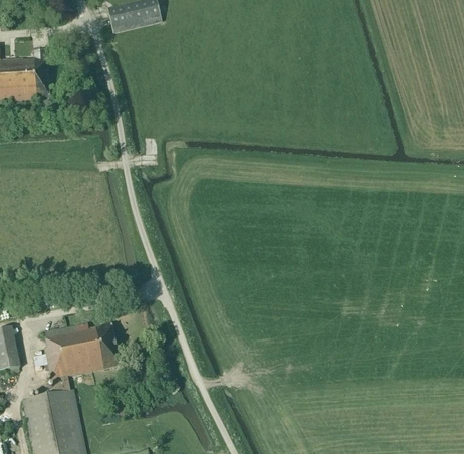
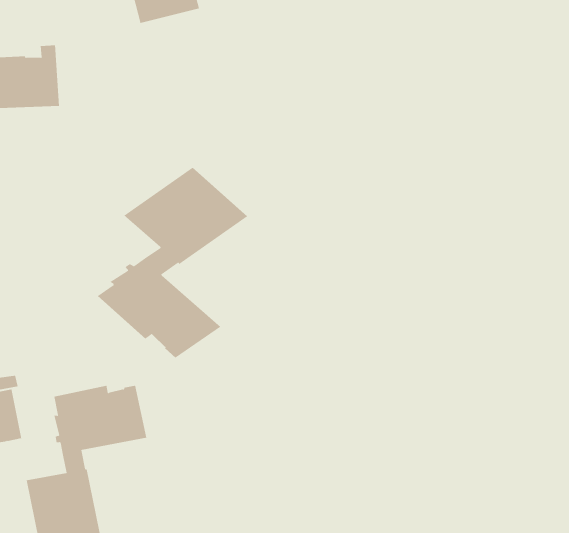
building: none -> [97,167,248,358]

